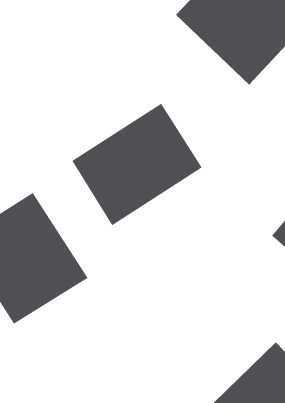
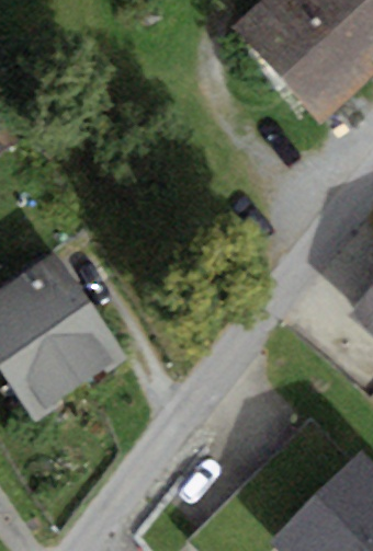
building: [71,103,203,226] -> none

